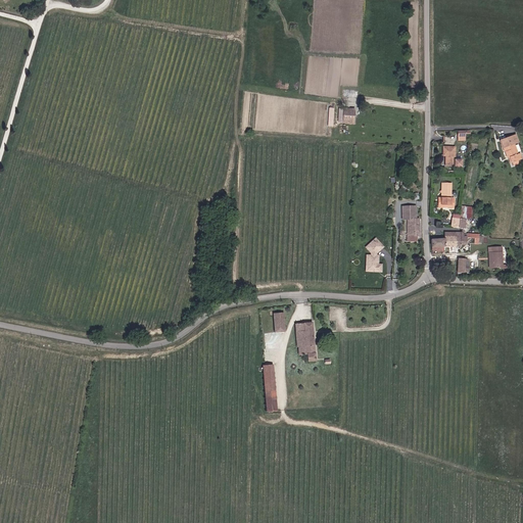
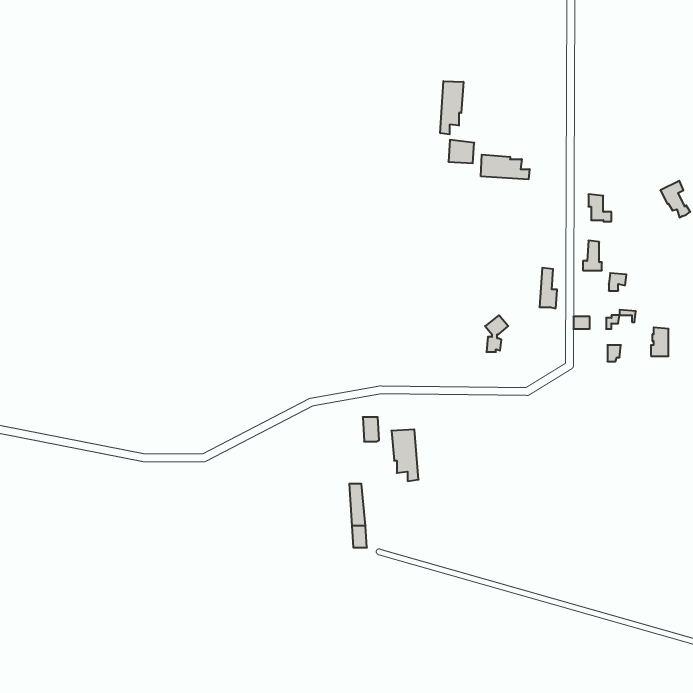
building: none -> [440,81,463,134]
building: none -> [481,155,530,179]

